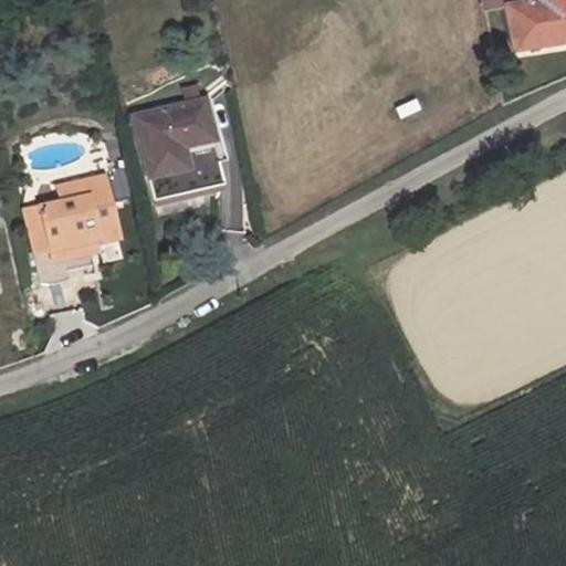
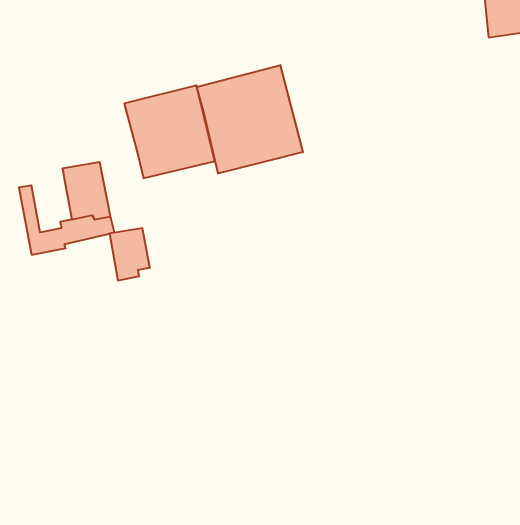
building: none -> [197,65,303,174]
building: [38,197,80,251] -> [109,228,150,280]

